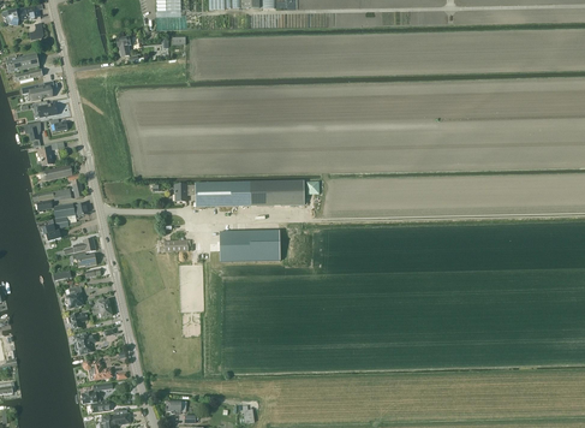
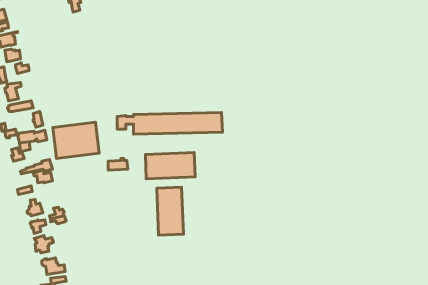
building: none -> [53,122,99,158]
building: none -> [157,187,183,235]

